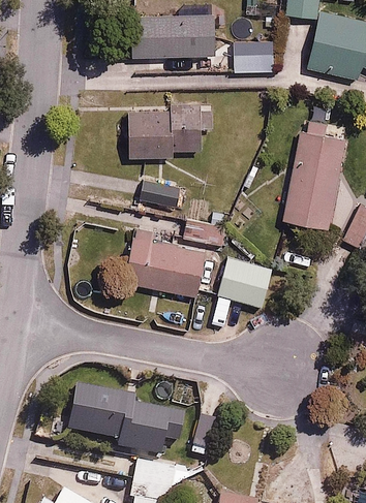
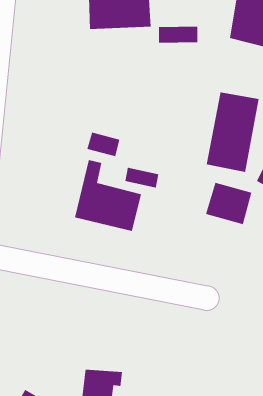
building: [130,109,212,157] -> none
building: [215,256,271,307] -> [205,182,252,225]
building: [80,388,169,455] -> none

